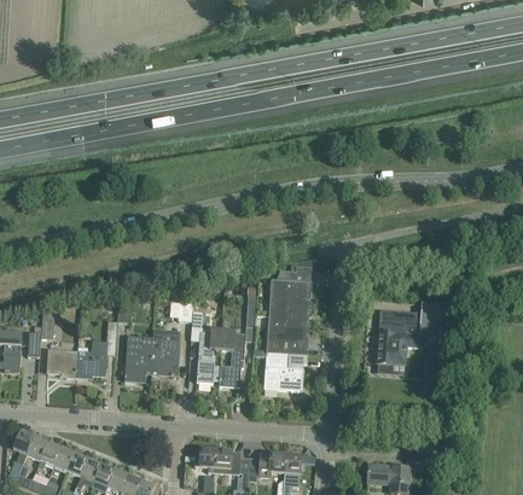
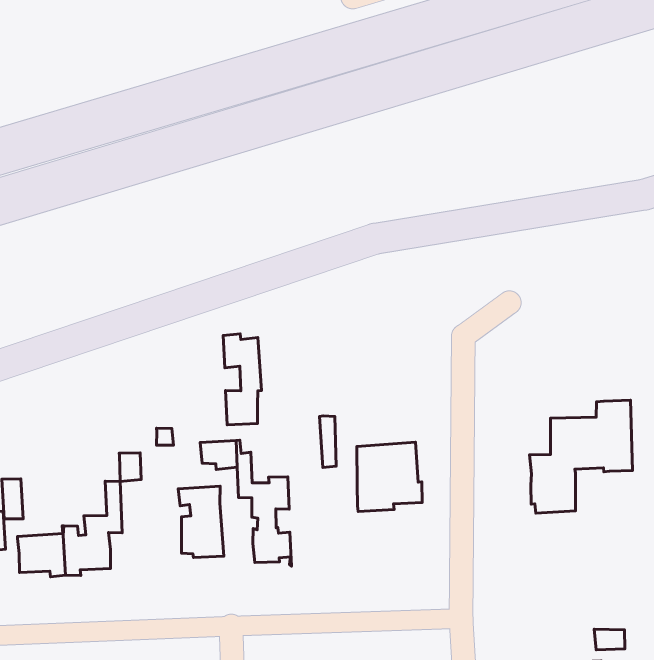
building: [268,270,310,316] -> none
building: [219,330,244,388] -> [223,334,262,425]
building: [123,336,152,382] -> none
building: [262,354,306,391] -> none

